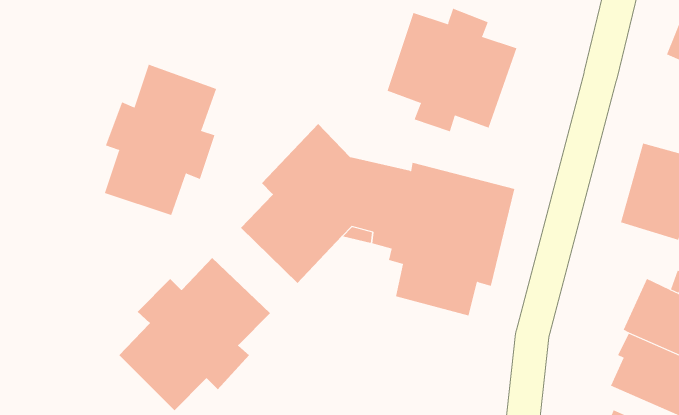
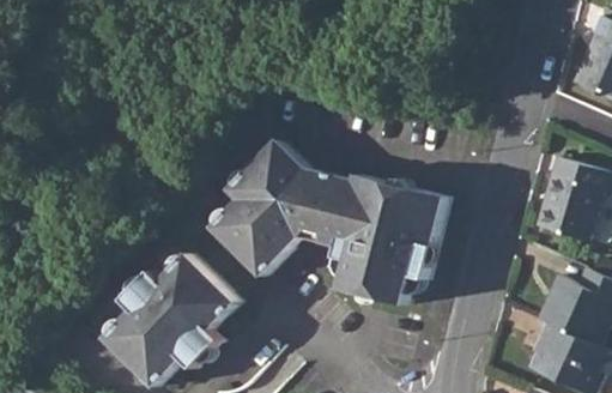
building: [387,8,517,132] -> none
building: [104,64,217,216] -> none

